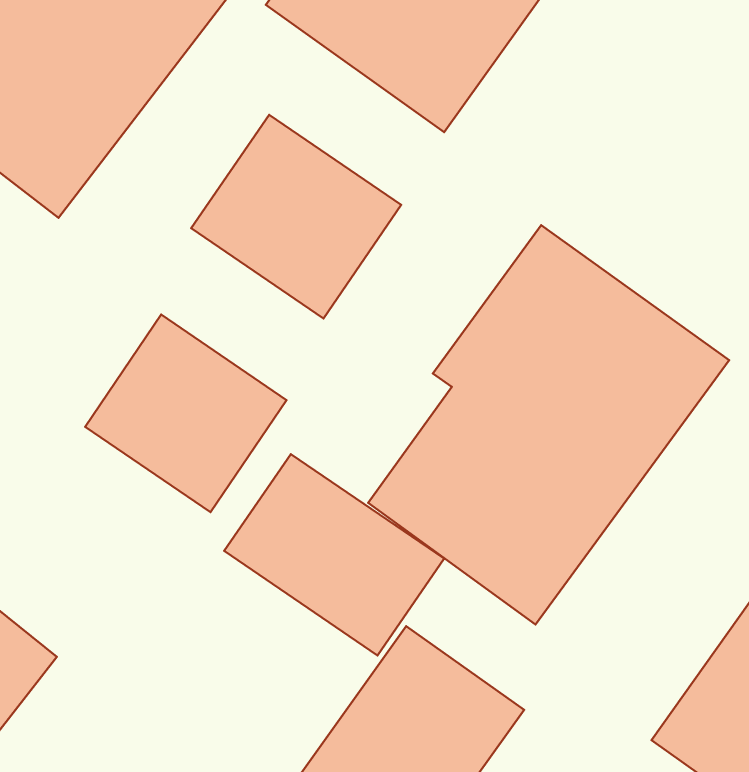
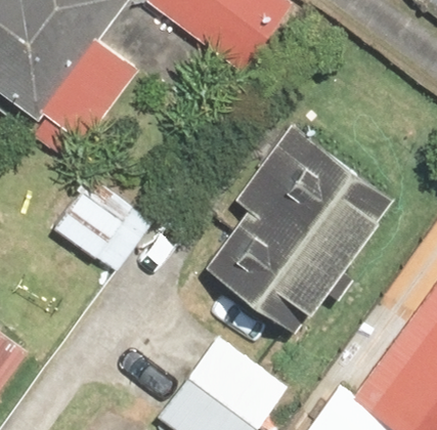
building: [191,115,401,318] -> none
building: [224,454,444,655] -> none

